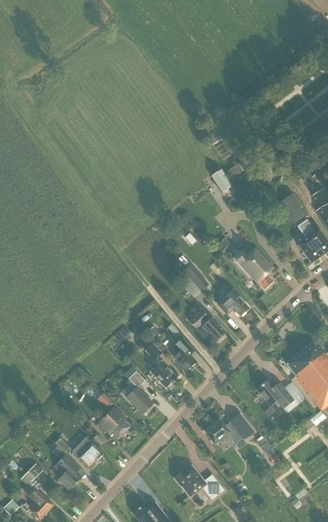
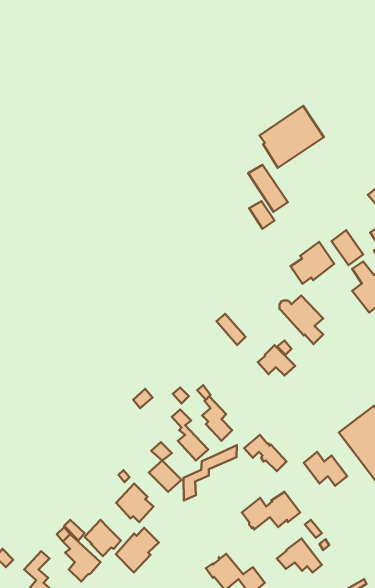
building: none -> [260,106,324,168]
building: none -> [291,242,334,284]
building: [189,310,225,341] -> [244,435,287,471]
building: none -> [184,445,237,500]
building: none -> [116,528,159,572]
building: none -> [277,538,322,572]

